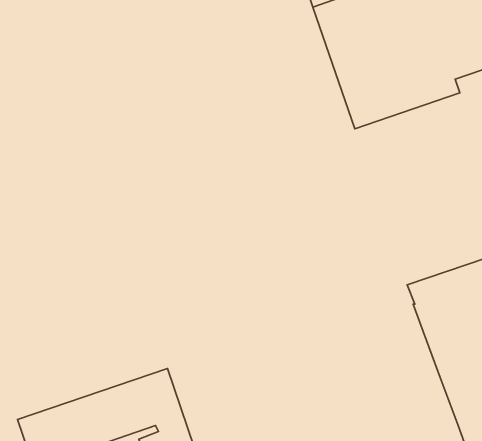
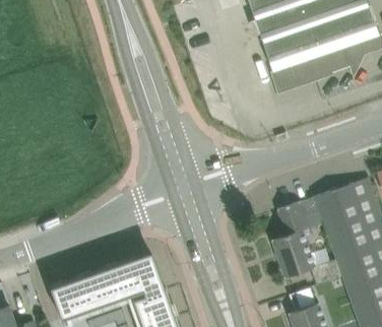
building: none -> [272,197,343,285]

